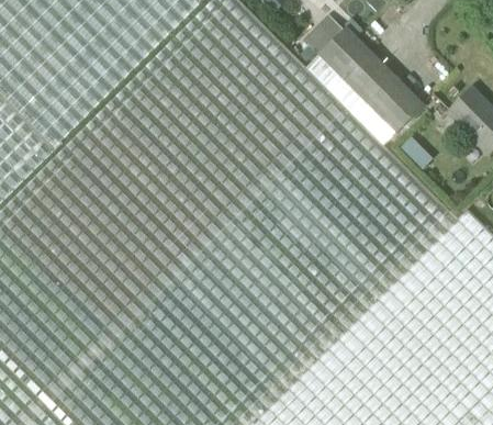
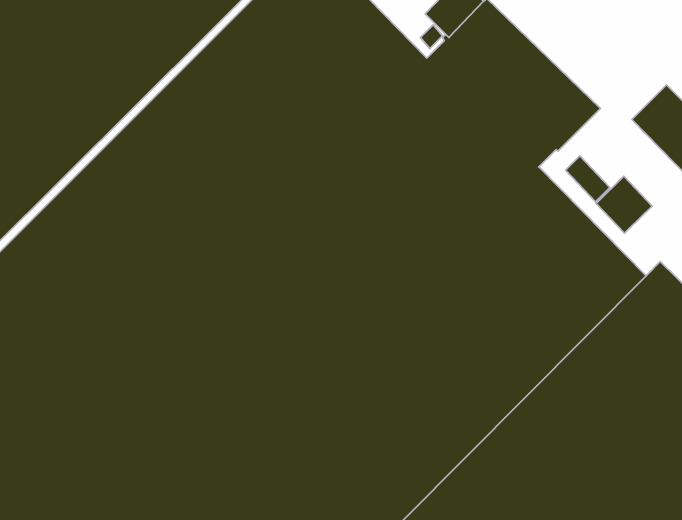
building: none -> [596,176,652,233]

